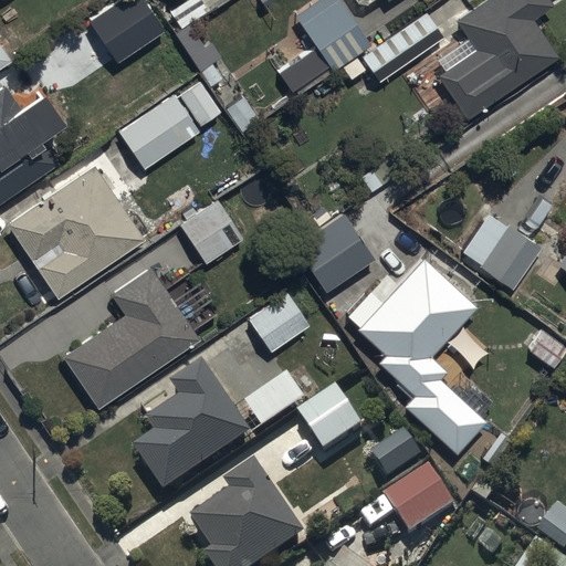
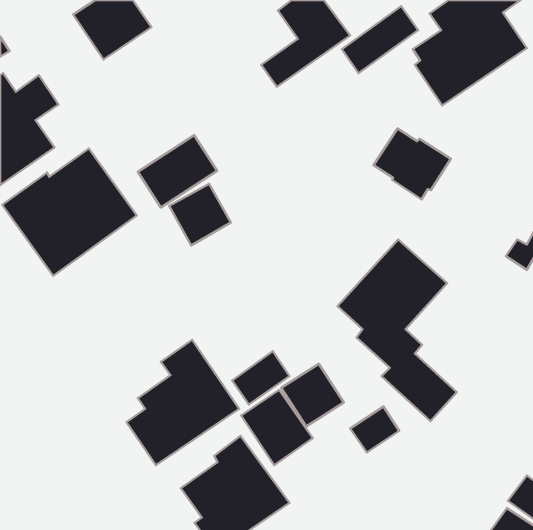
building: [118,93,202,169] -> [138,135,217,207]
building: [293,210,375,292] -> none
building: [461,213,543,289] -> [373,129,451,200]
building: [64,262,201,406] -> none
building: [248,291,310,352] -> none
building: none -> [241,390,313,465]
building: [386,470,458,539] -> none

